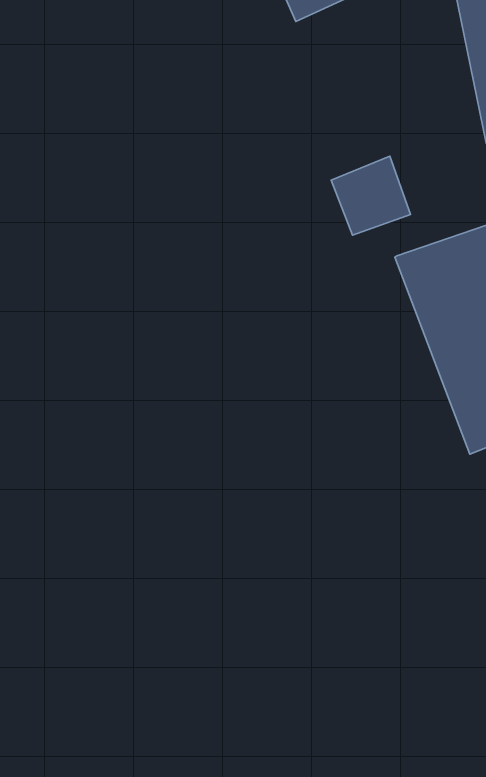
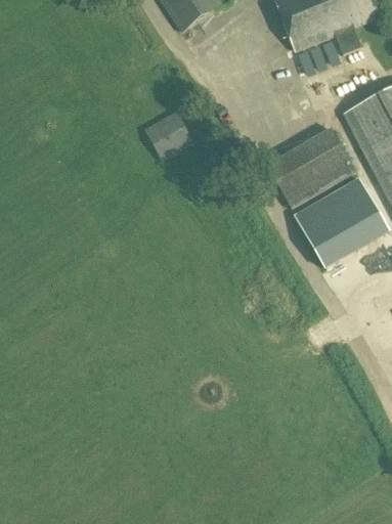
building: [331,156,411,235] -> [143,108,194,160]

